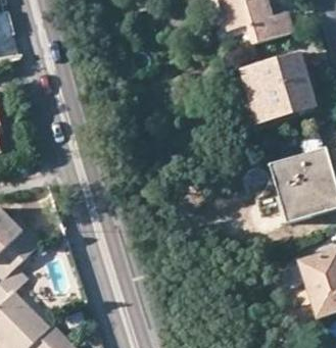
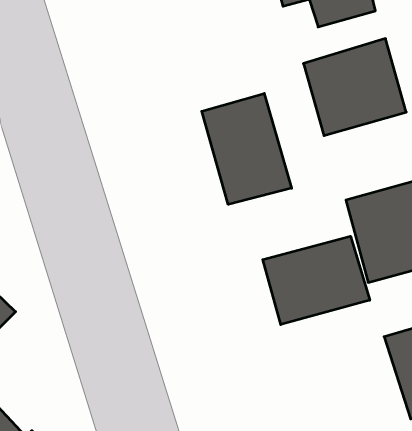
building: none -> [202,93,292,204]
building: none -> [263,236,370,325]

